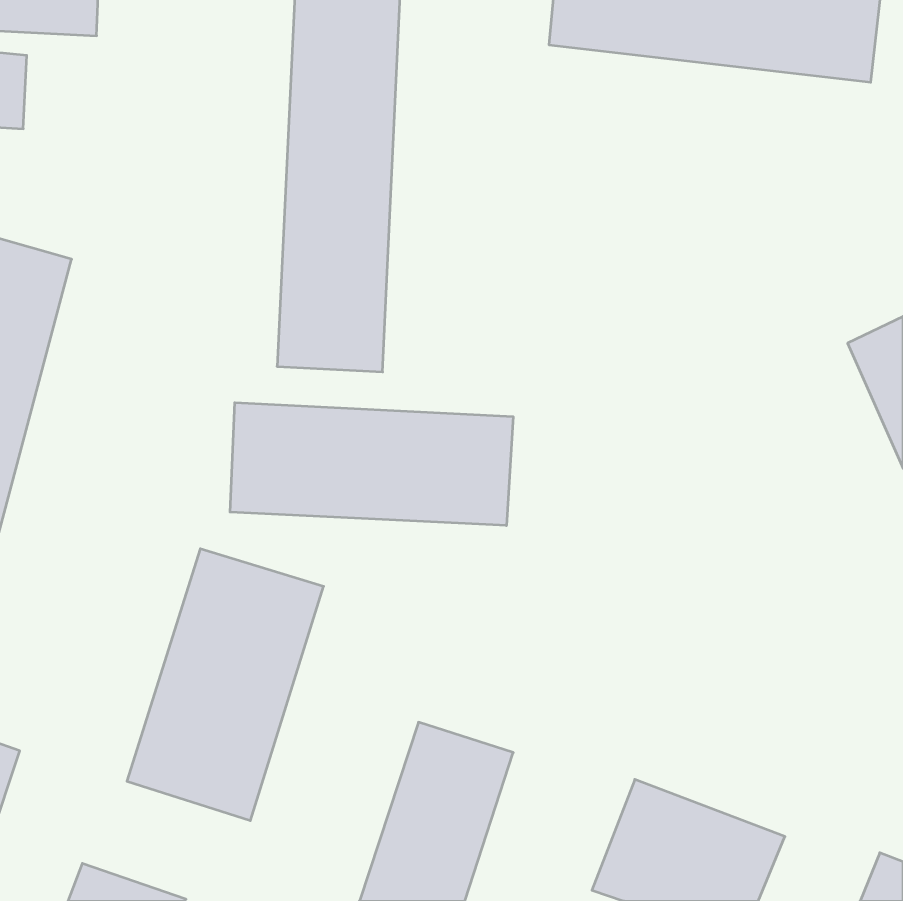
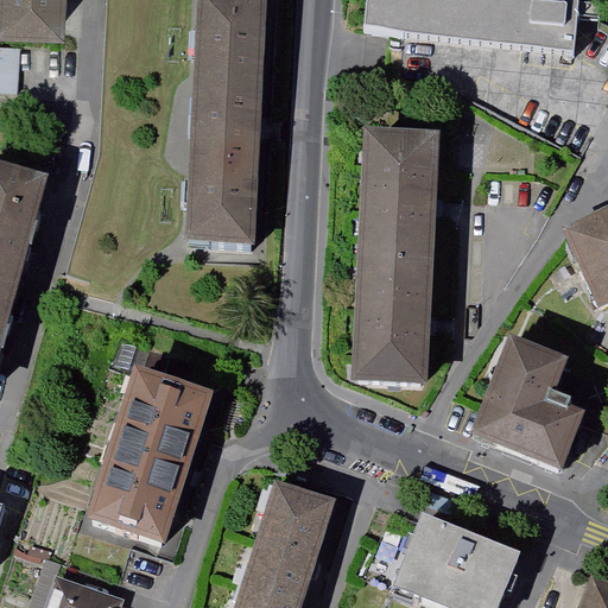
building: none -> [343,119,433,381]
building: [230,403,513,526] -> none
building: none -> [474,332,590,471]

